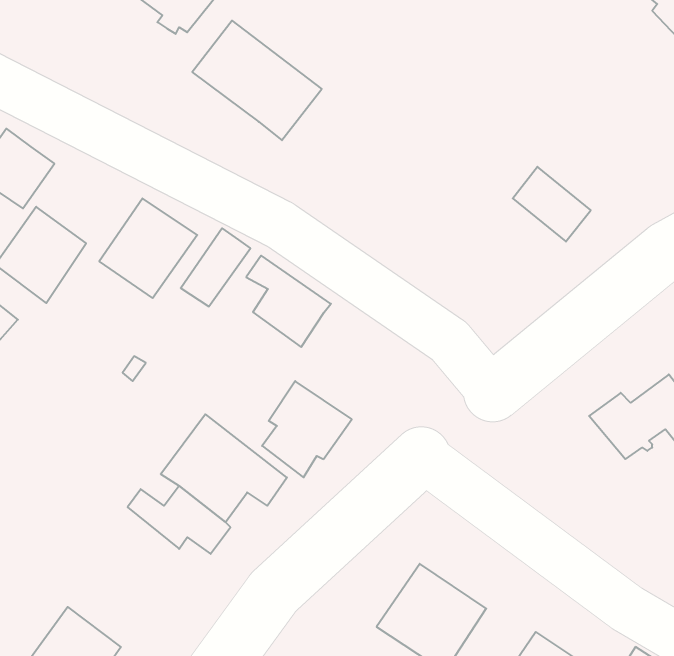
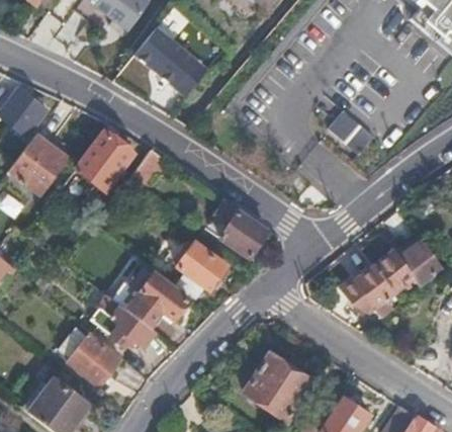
building: [246,256,331,347] -> [216,201,268,257]
building: none -> [339,264,395,317]
building: none -> [71,333,124,387]

